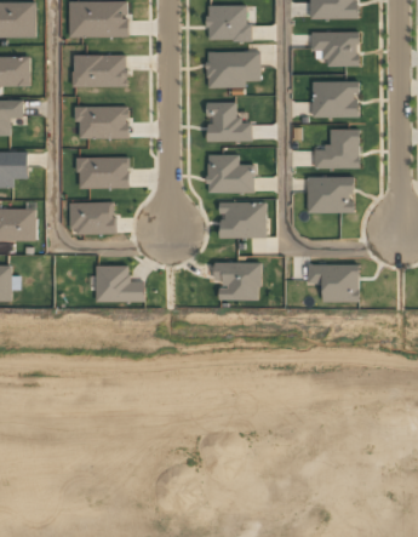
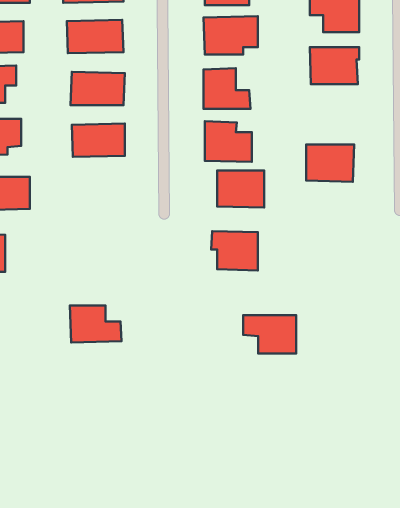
building: [314,130,359,170] -> none
building: [68,201,115,234] -> none
building: [307,264,359,302] -> [243,315,296,353]
building: [95,265,145,302] -> [70,305,122,342]

